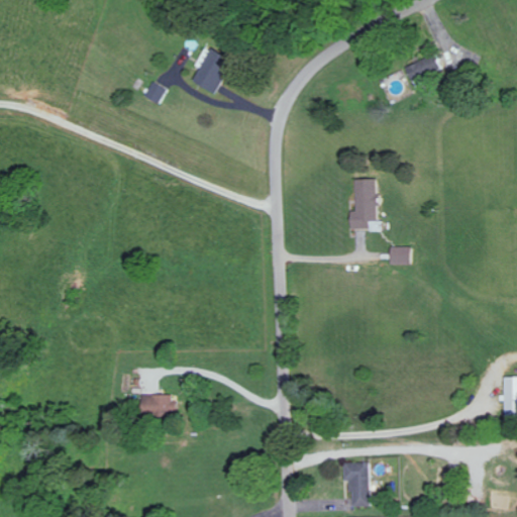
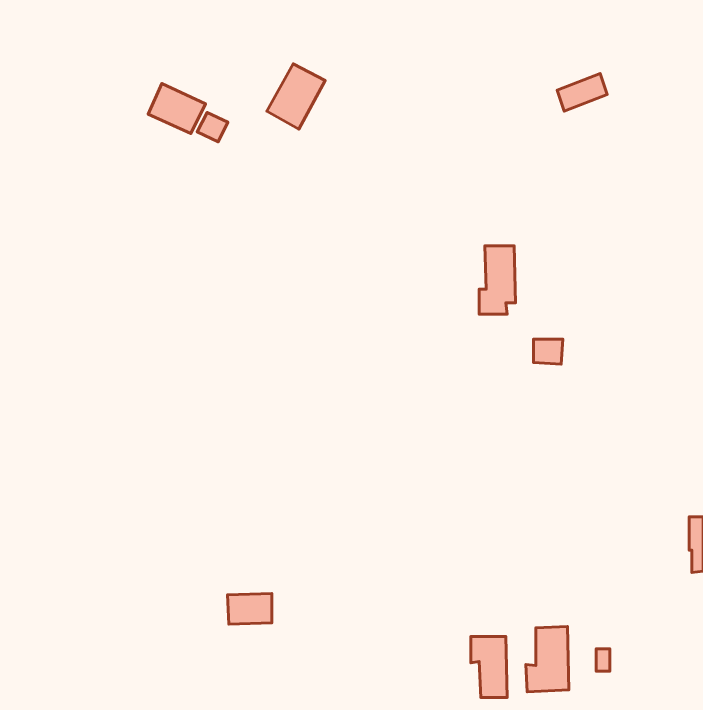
building: none -> [148,84,205,134]
building: [140,394,173,416] -> [227,594,272,624]
building: none -> [526,627,569,692]

